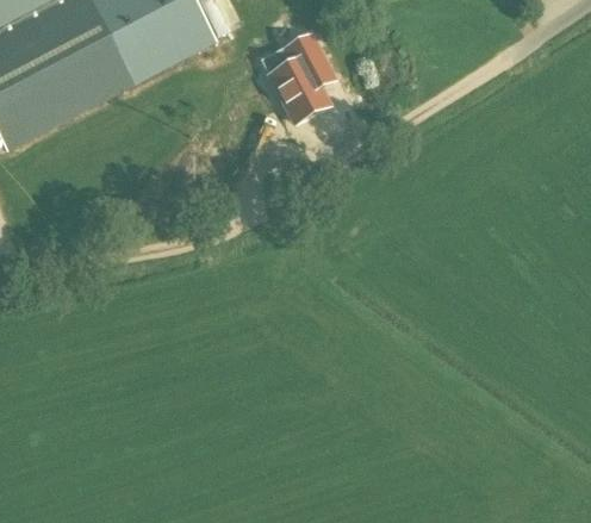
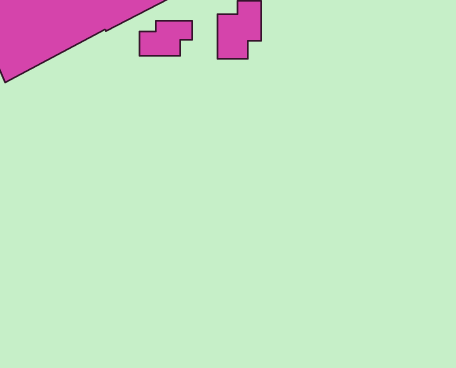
building: none -> [140,21,192,56]

